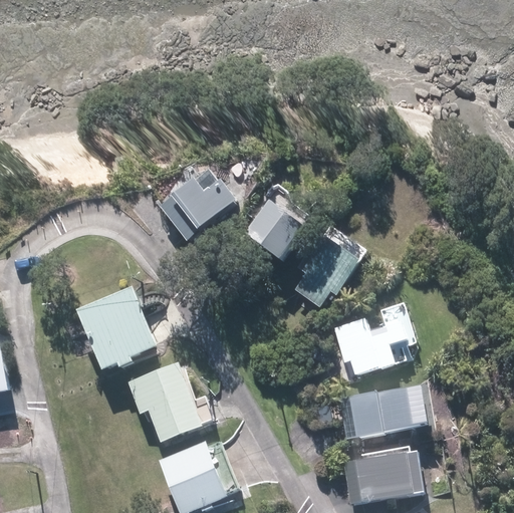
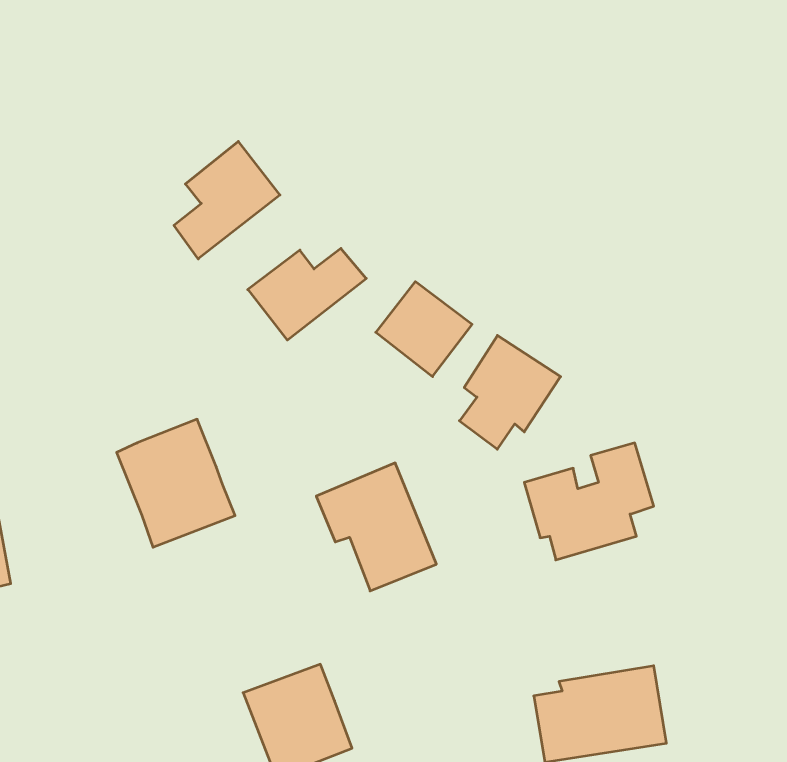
building: none -> [174,141,280,259]
building: [127,361,204,443] -> [316,463,436,591]
building: [343,387,415,437] -> none

